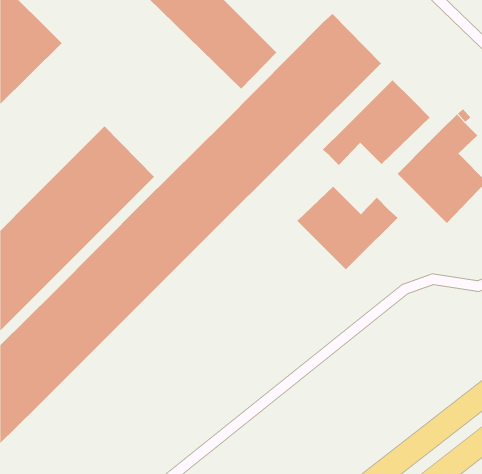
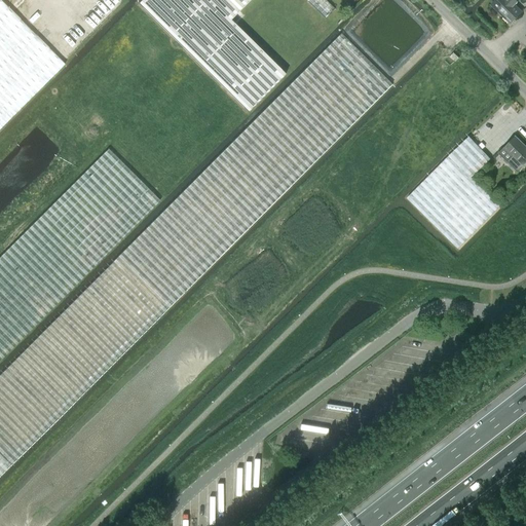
building: [322,79,431,166] -> none
building: [296,186,398,270] -> none

